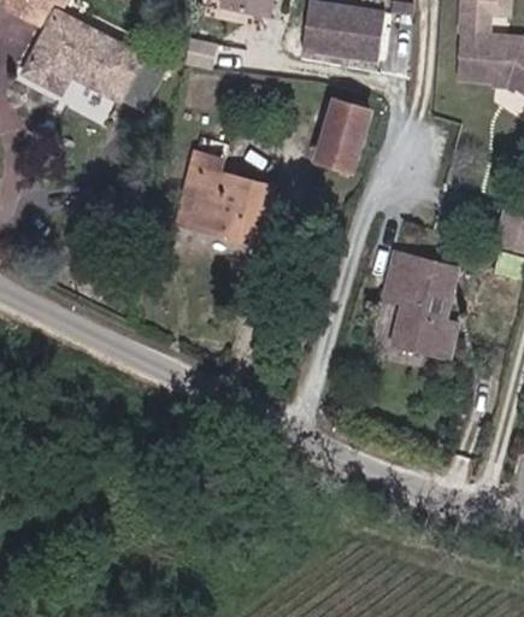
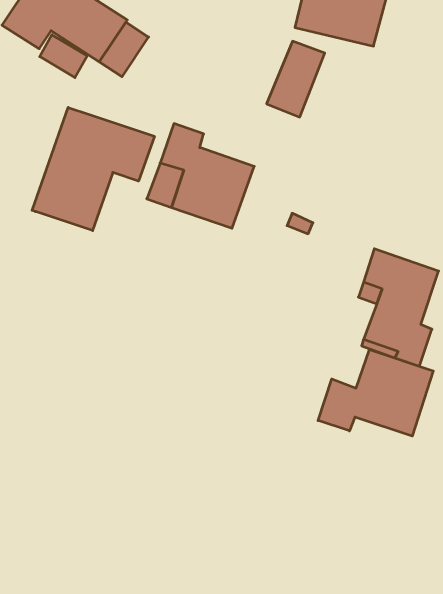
building: [317,99,367,170] -> [267,41,325,117]
building: none -> [32,107,154,231]
building: none -> [318,349,433,436]

